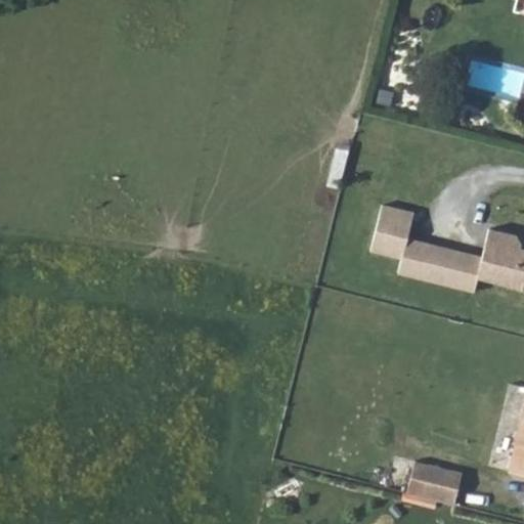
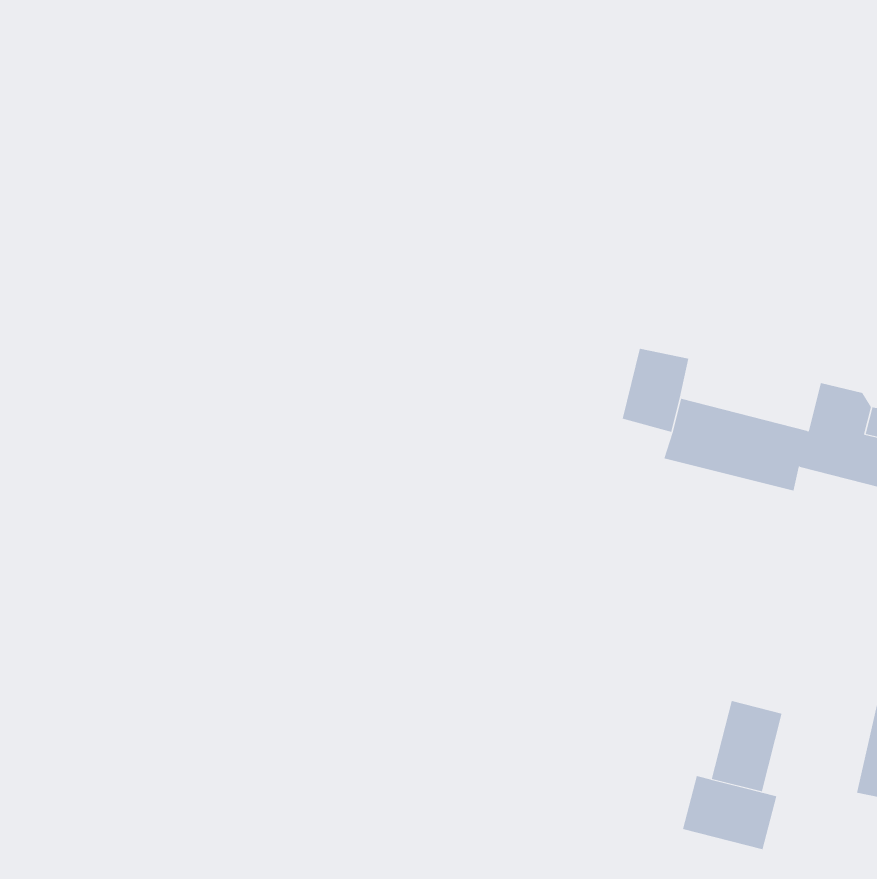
building: none -> [711,700,782,792]

